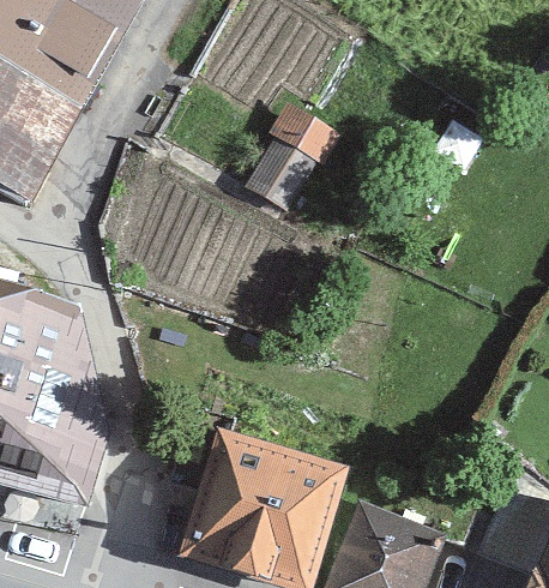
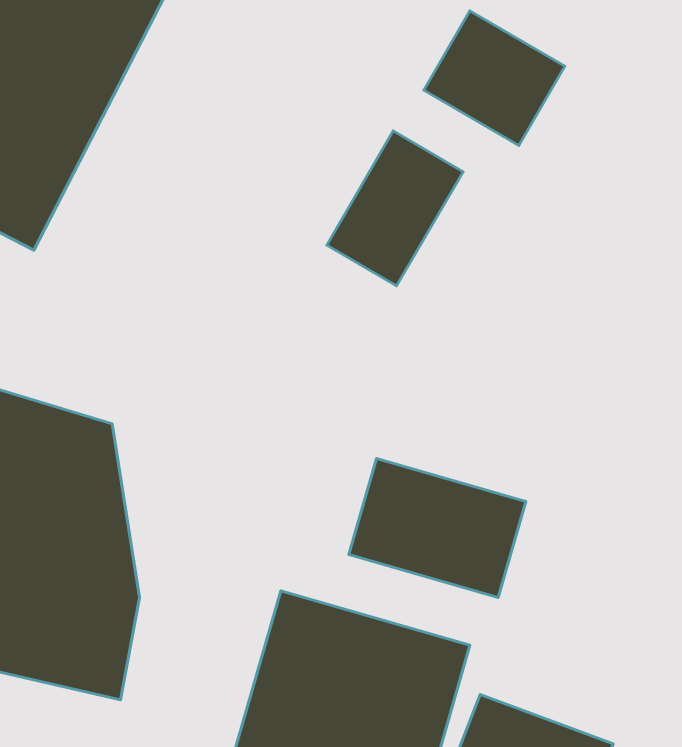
building: none -> [424,11,565,146]
building: none -> [349,458,526,598]

